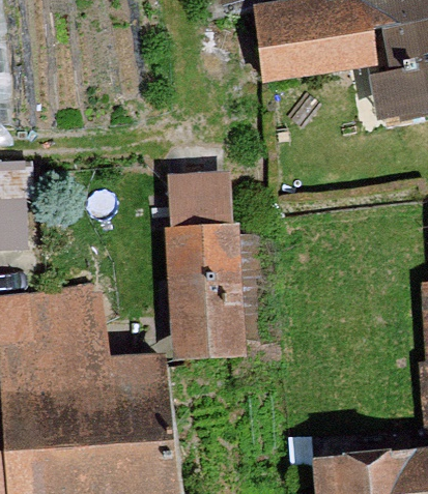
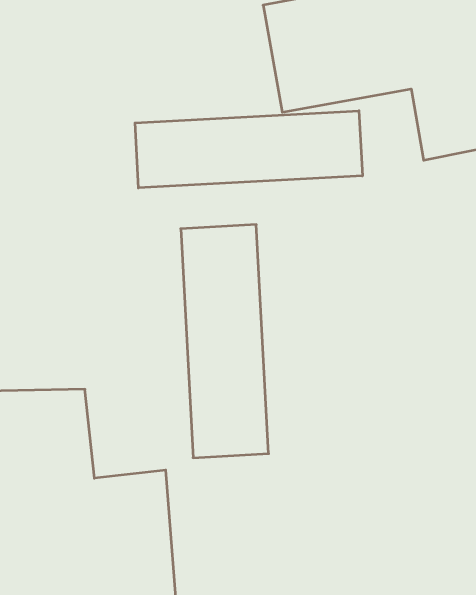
building: none -> [135,111,362,188]

